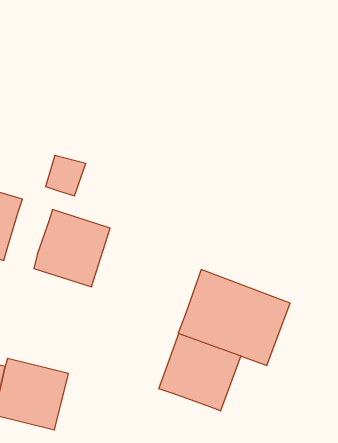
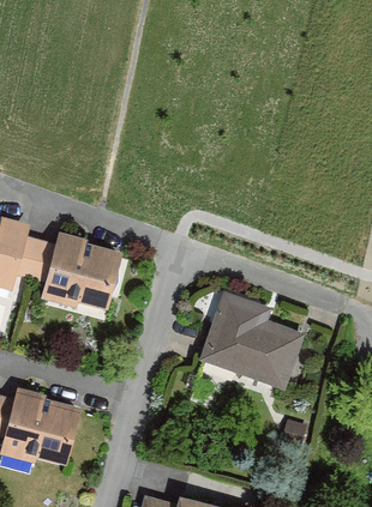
building: [46,155,86,196] -> [18,239,60,280]
building: [159,334,241,411] -> none

